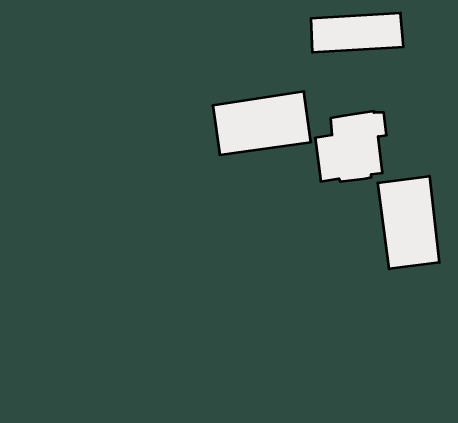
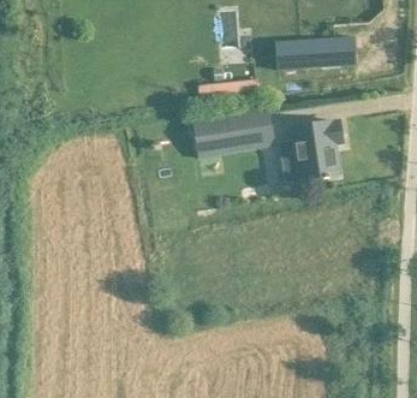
building: [378,176,439,269] -> none

